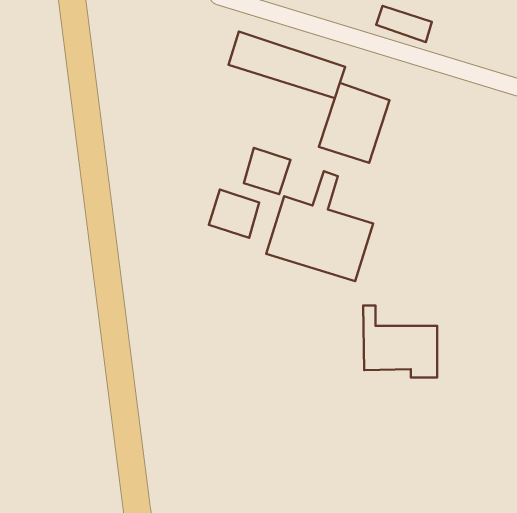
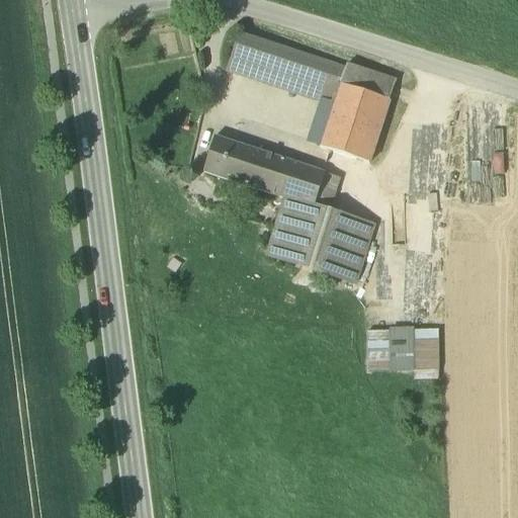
building: [376,6,432,42] -> [340,64,396,100]
building: none -> [279,160,324,205]
building: [209,189,259,238] -> [203,135,254,183]

